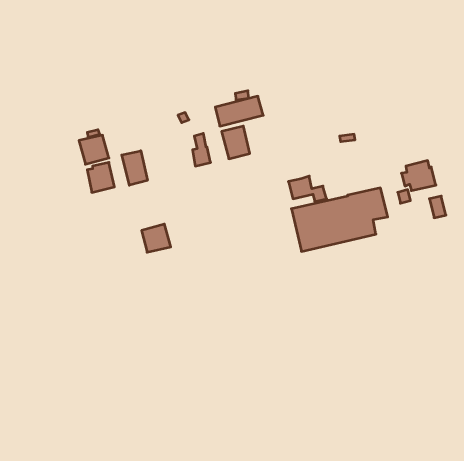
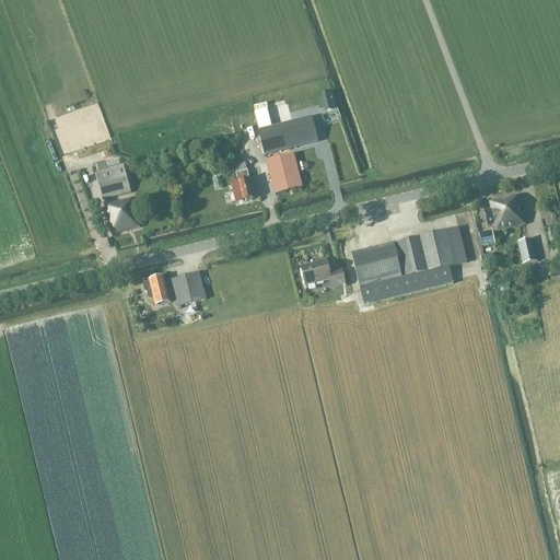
building: [122,151,147,185] -> none
building: [288,176,327,201] -> [300,257,346,288]
building: none -> [142,275,171,304]

